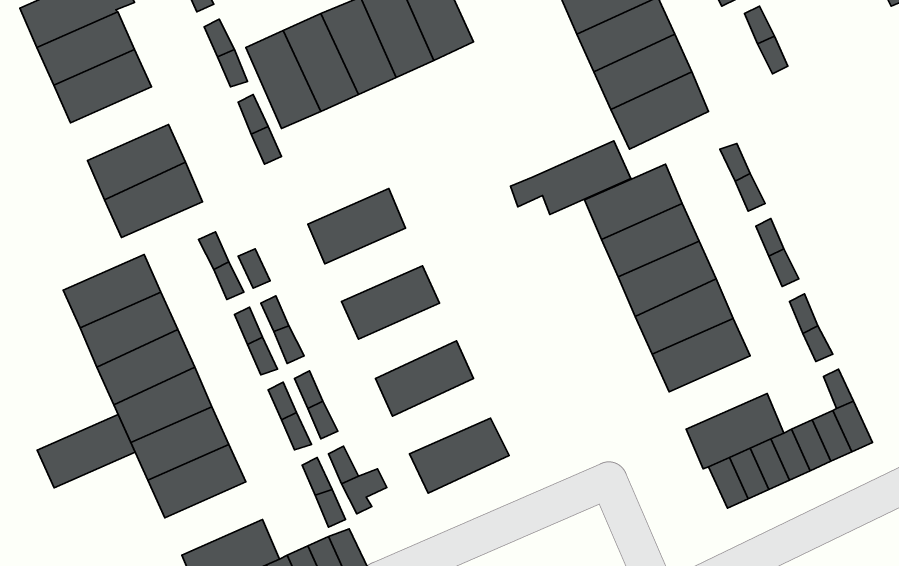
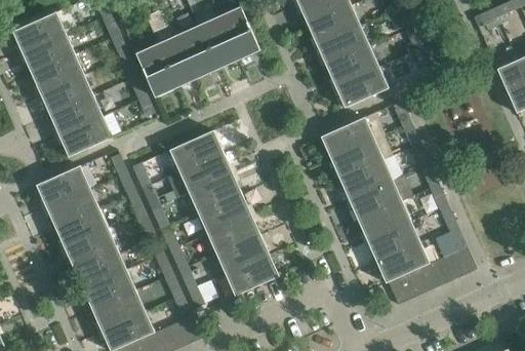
building: none -> [40,74,93,114]
building: [510,141,631,214] -> [166,151,232,191]
building: none -> [197,192,250,233]
building: none -> [366,221,419,261]
building: none -> [215,233,269,274]
building: [37,414,135,488] -> [91,289,145,329]

